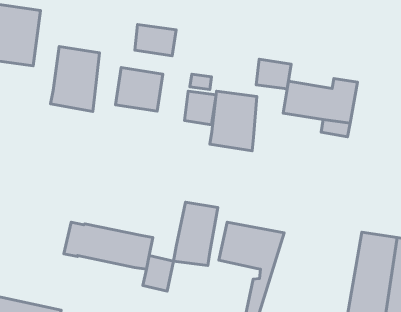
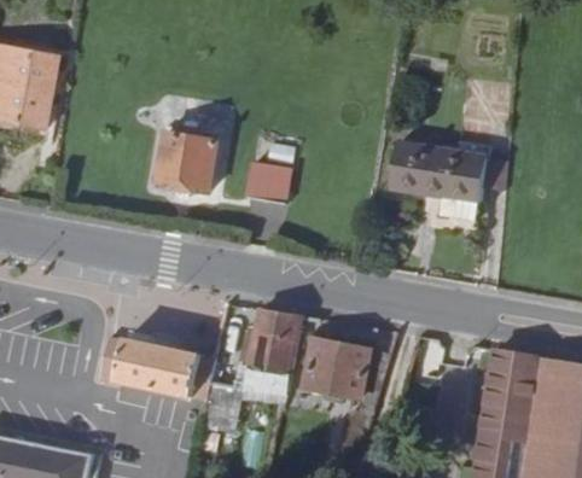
building: [135,25,176,56] -> none
building: [51,47,100,112] -> none
building: [256,59,291,89] -> none
building: [210,91,257,151] -> none

